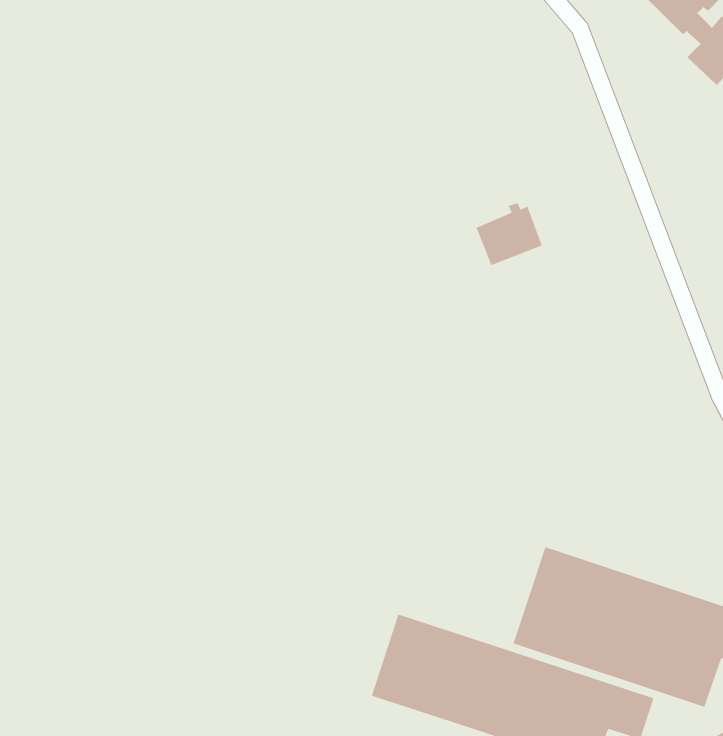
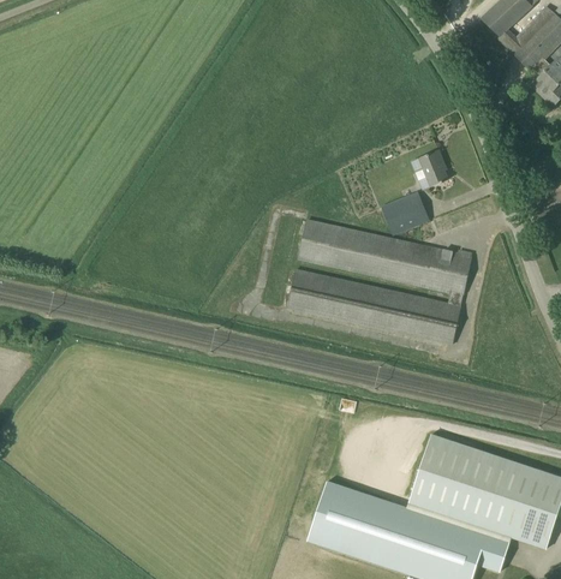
building: none -> [411,150,448,190]
building: none -> [287,219,472,344]

